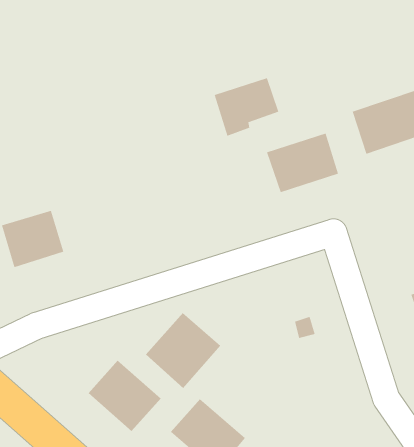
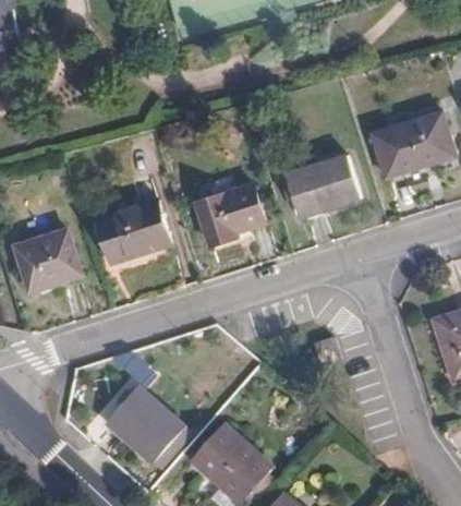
building: [214,78,279,136] -> [196,188,263,248]
building: none -> [97,201,171,264]
building: [145,312,221,389] -> none

